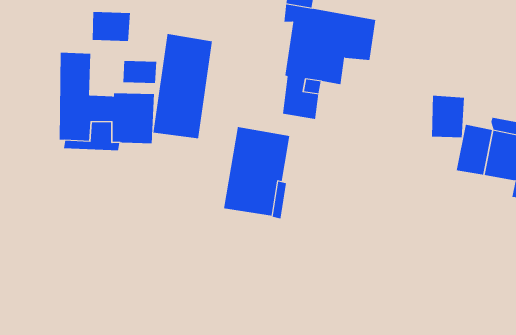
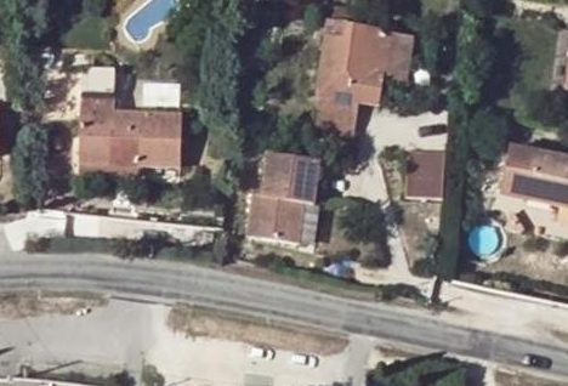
building: [92,11,130,42] -> none
building: [153,33,213,139] -> none
building: [431,95,465,138] -> [408,152,443,197]

